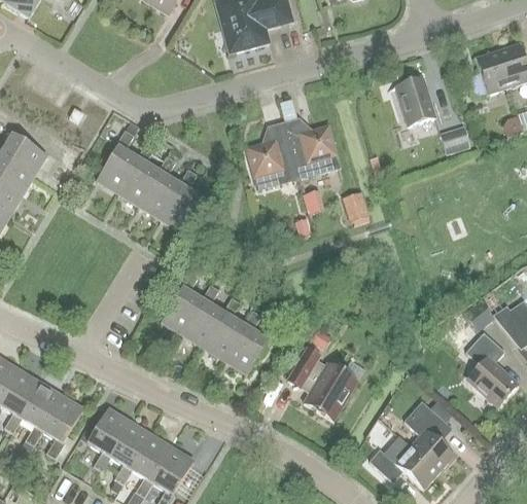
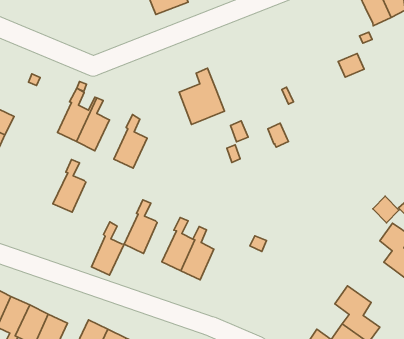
building: [394,76,434,124] -> none
building: [283,118,338,176] -> none
building: [138,155,180,218] -> [53,160,86,212]
building: [182,283,224,347] -> [91,222,124,275]
building: [287,346,357,419] -> none

